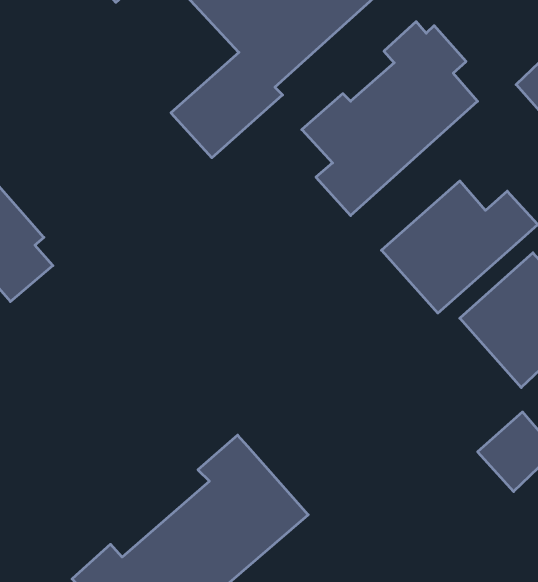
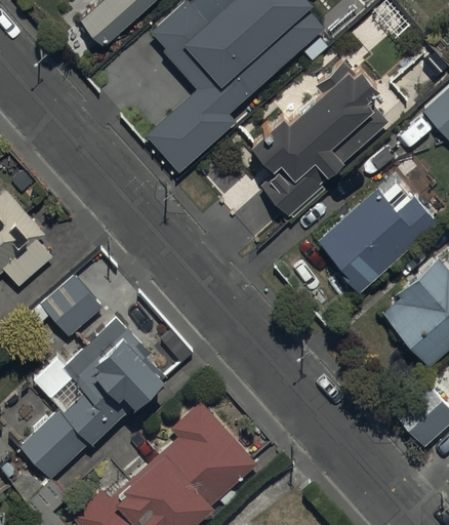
building: none -> [41,271,101,330]
building: none -> [17,320,165,481]

